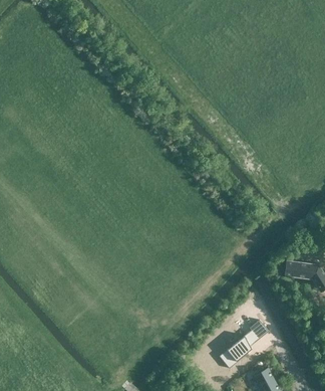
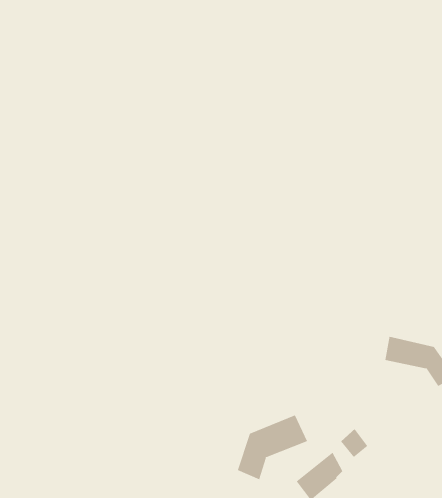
building: none -> [237,415,308,480]

